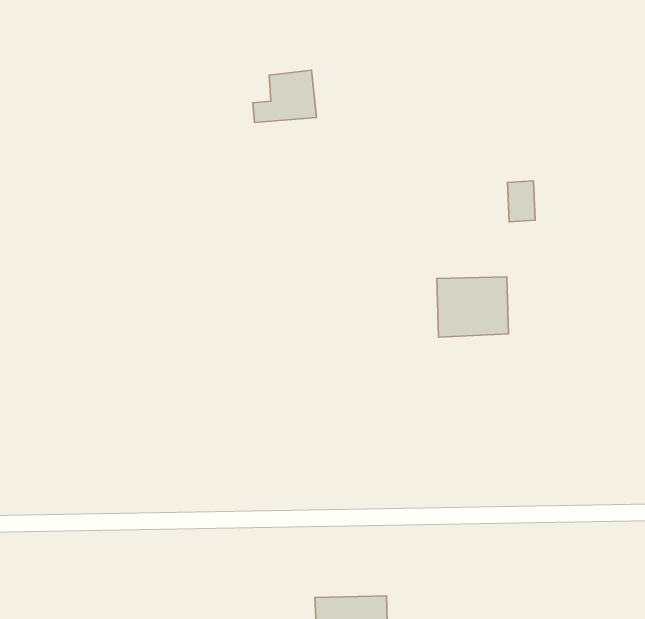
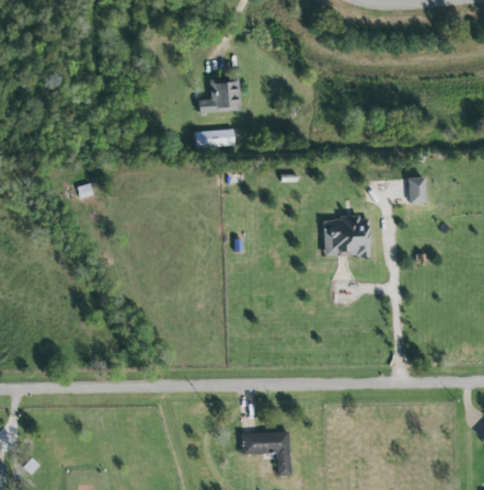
building: none -> [196,129,235,148]
building: [507,181,535,222] -> [408,176,427,204]

